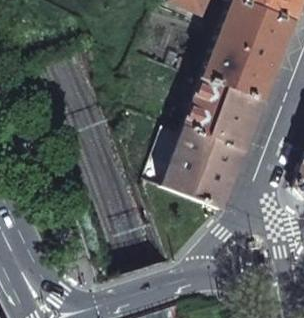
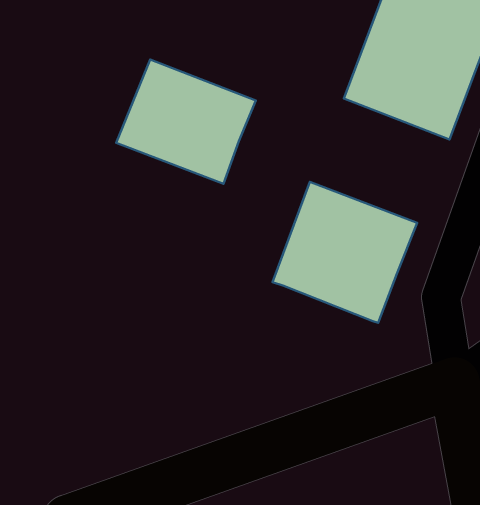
building: [183,77,265,150] -> [116,60,256,184]

